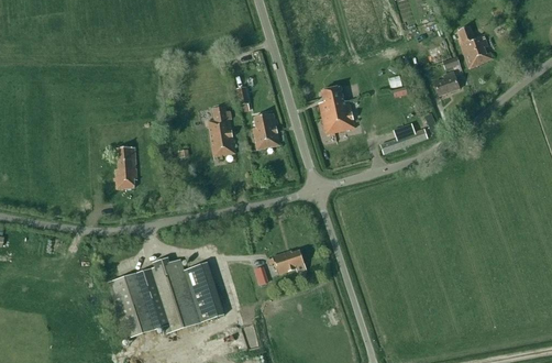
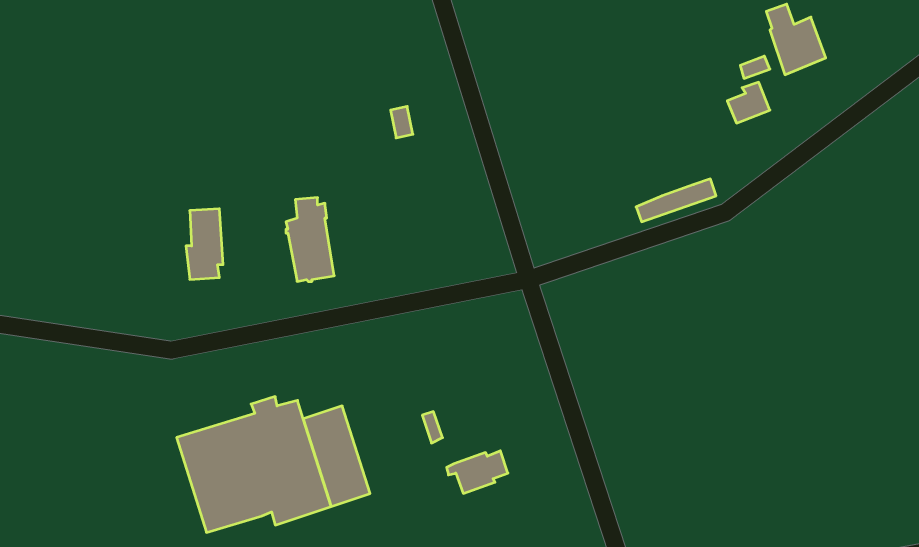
building: [319,86,355,135] -> none
building: [207,107,235,156] -> [286,198,334,281]
building: [252,112,280,150] -> none
building: [268,249,305,274] -> [447,451,508,493]

